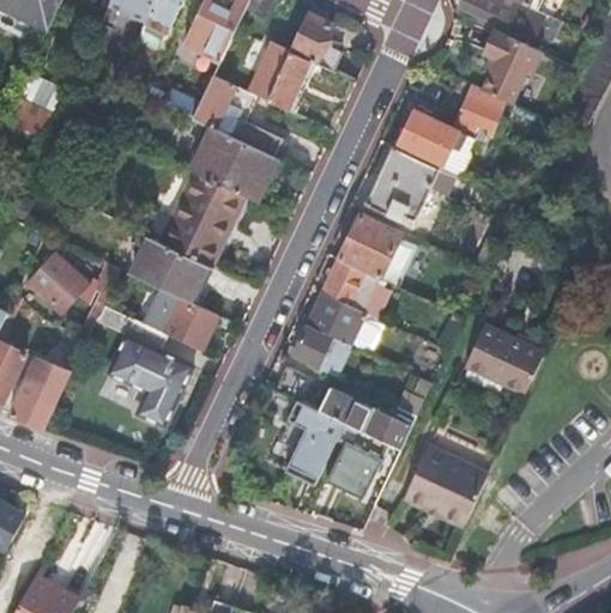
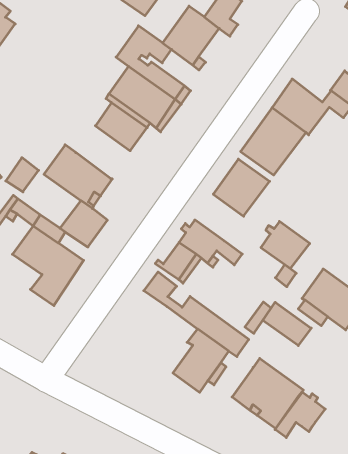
building: [165,201,230,261] -> none
building: [321,259,379,312] -> [261,221,310,268]
building: none -> [263,302,311,346]
building: [284,402,346,486] -> none
building: none -> [275,392,325,438]

